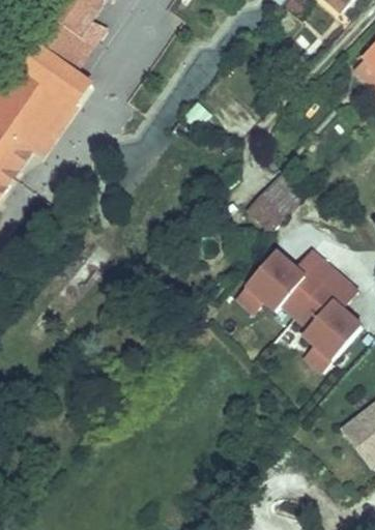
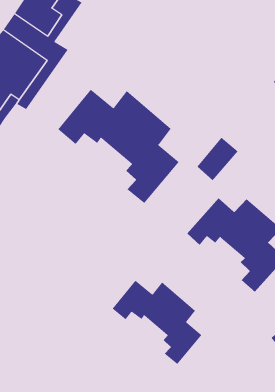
building: none -> [57,89,179,204]
building: none -> [112,280,202,365]

